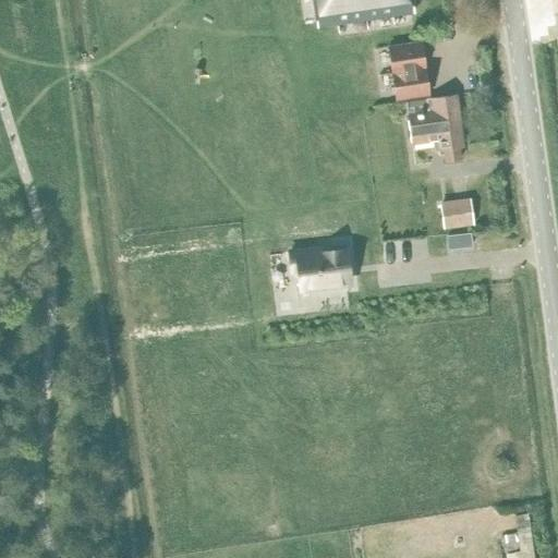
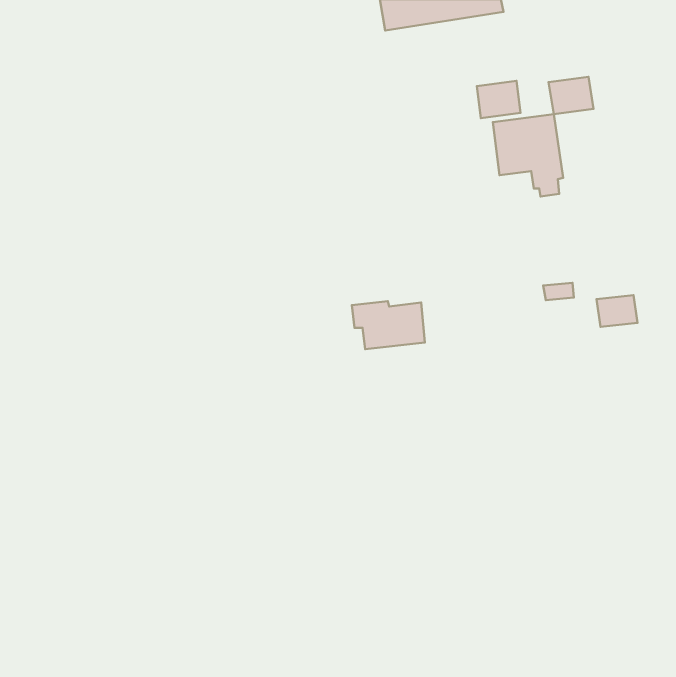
building: [389,40,426,71] -> [549,77,594,114]
building: [441,201,475,227] -> [596,295,638,327]

